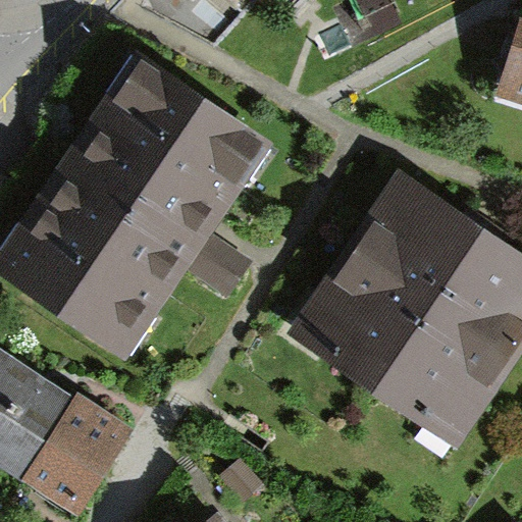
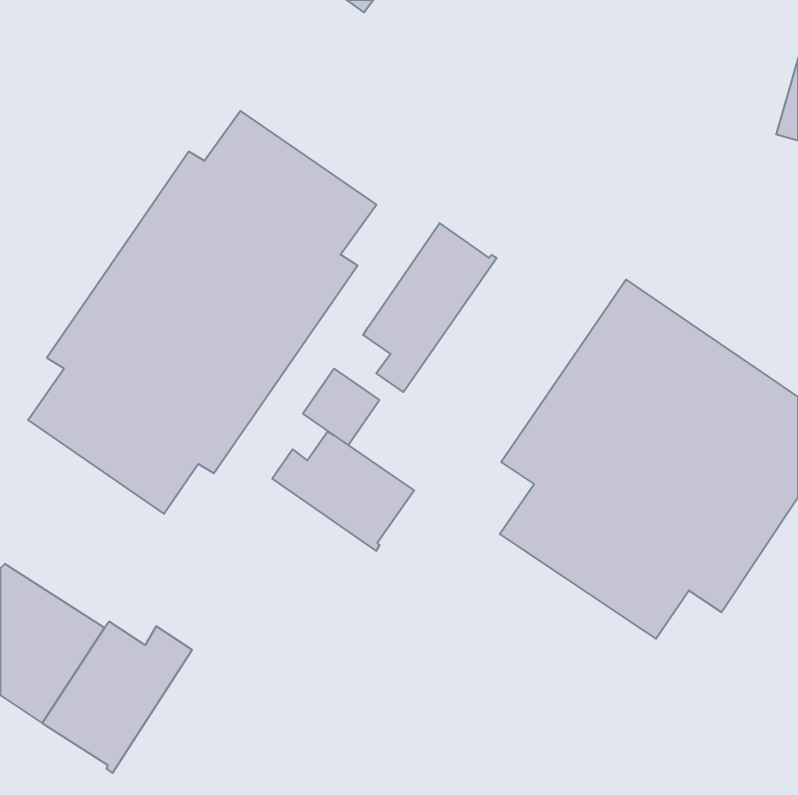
building: none -> [363,223,497,392]
building: none -> [272,431,414,551]

